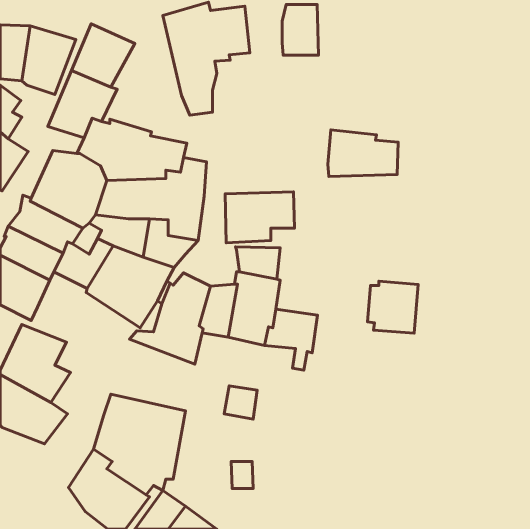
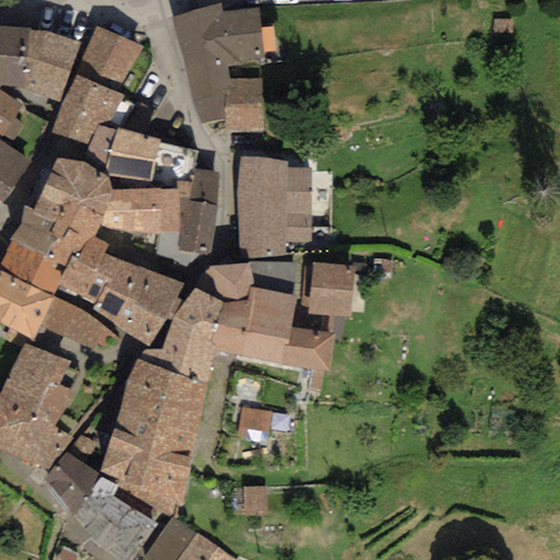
building: [282,4,318,55] -> [224,78,262,131]
building: [328,130,398,176] -> [236,155,311,205]
building: none -> [194,264,253,302]
building: none -> [39,295,118,348]
building: [367,281,418,333] -> [301,262,354,317]
building: none -> [117,358,206,433]
building: none -> [45,428,109,514]

